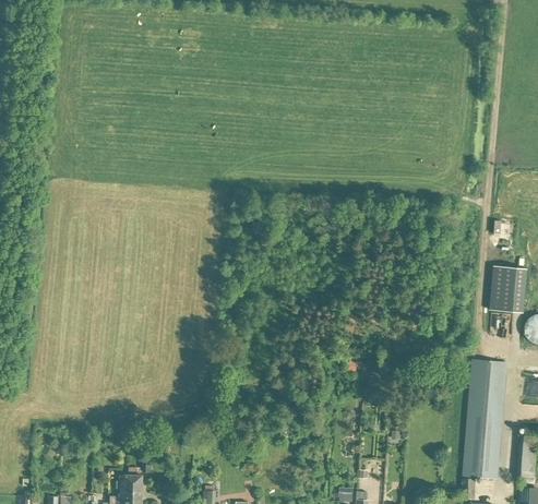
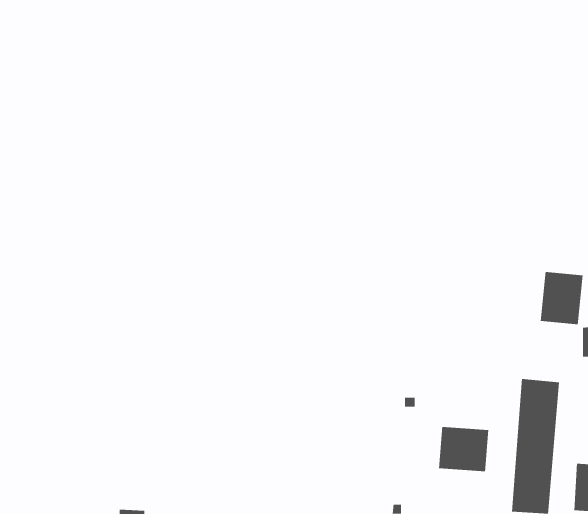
building: none -> [439,426,489,472]

